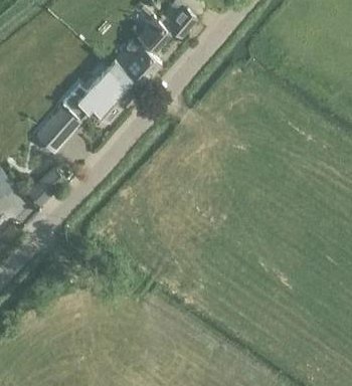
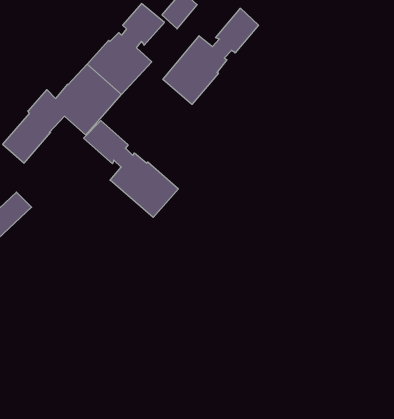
building: none -> [163,8,259,104]
building: none -> [84,121,178,217]

